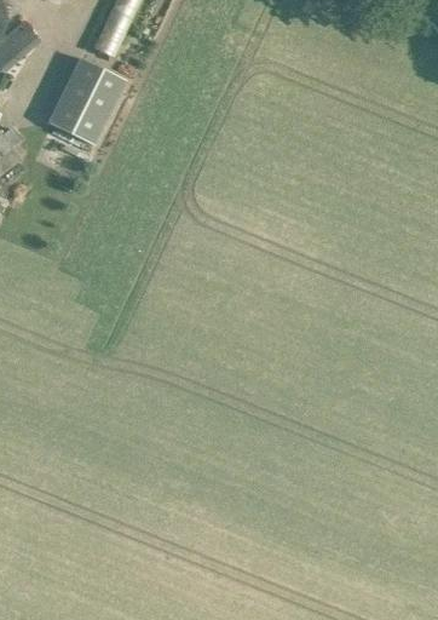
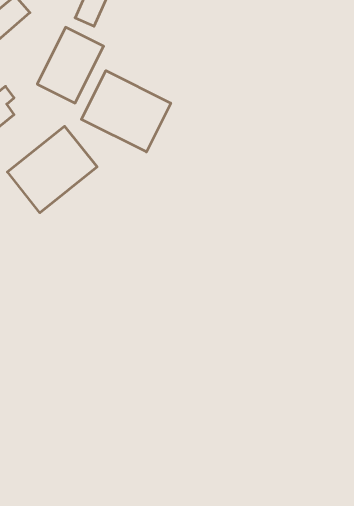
building: none -> [81,71,171,152]
building: none -> [7,126,97,213]

